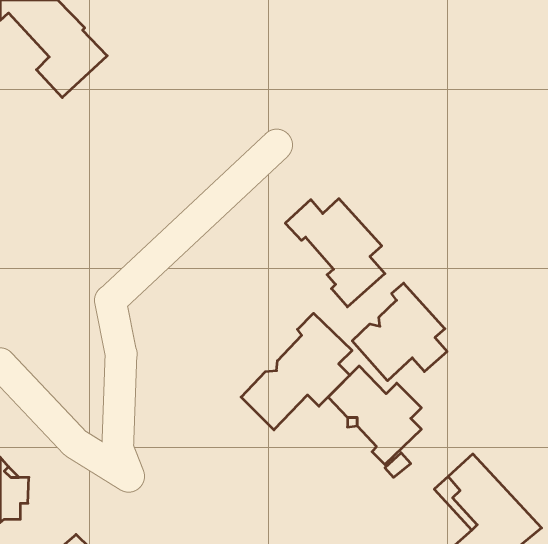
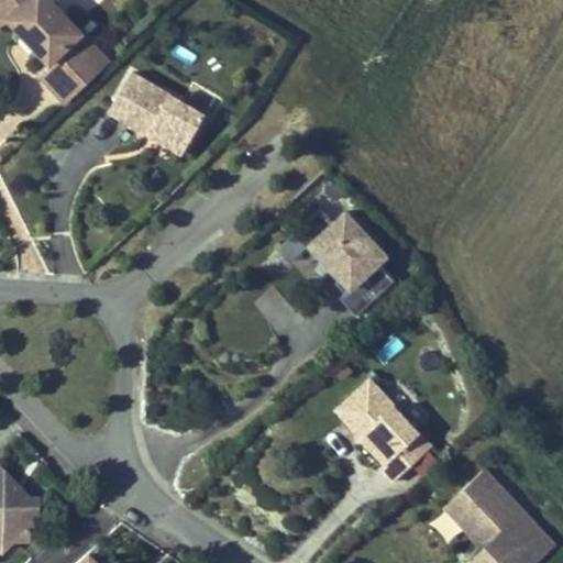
building: none -> [108,71,206,152]
building: [352,283,447,381] -> none
building: [241,313,352,430] -> none

